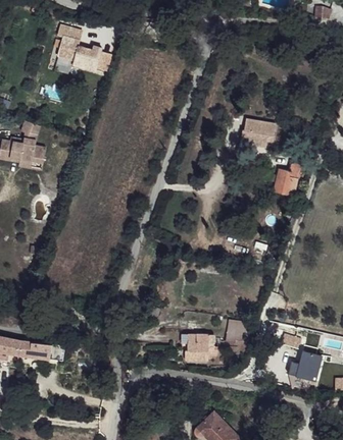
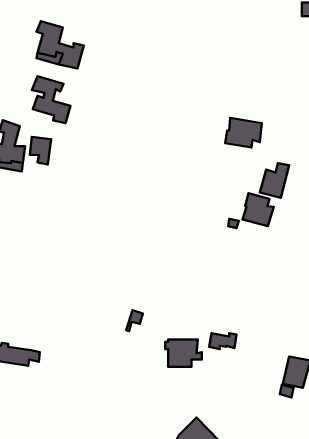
building: none -> [32,76,70,123]
building: none -> [30,137,51,165]
building: none -> [242,193,274,226]

